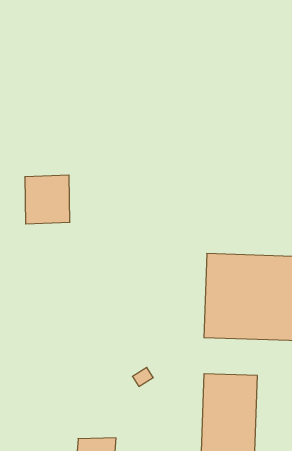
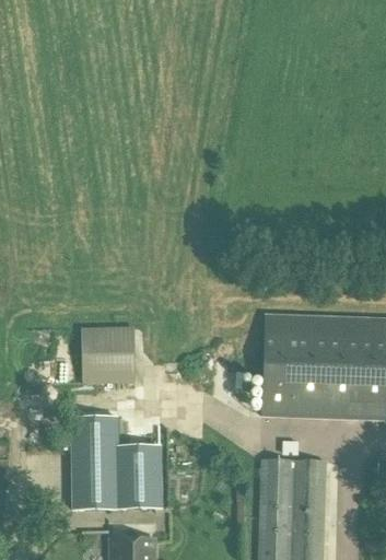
building: [25,175,70,224] -> [71,323,126,382]
building: none -> [74,416,162,509]

